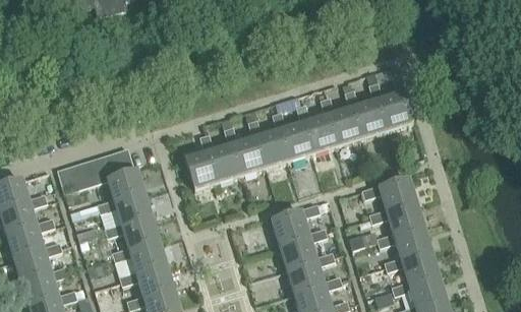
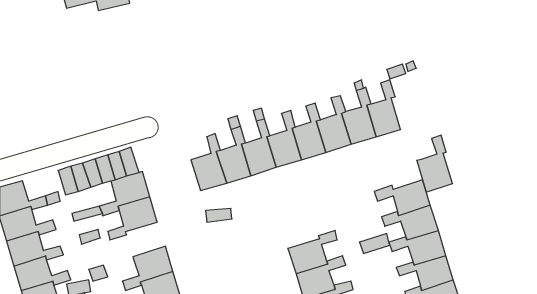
building: [379,74,413,129] -> [417,135,453,192]
building: [272,202,320,244] -> none
building: [112,219,161,260] -> none

